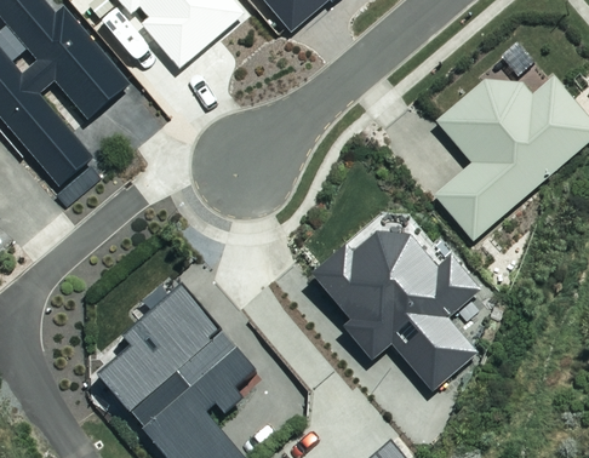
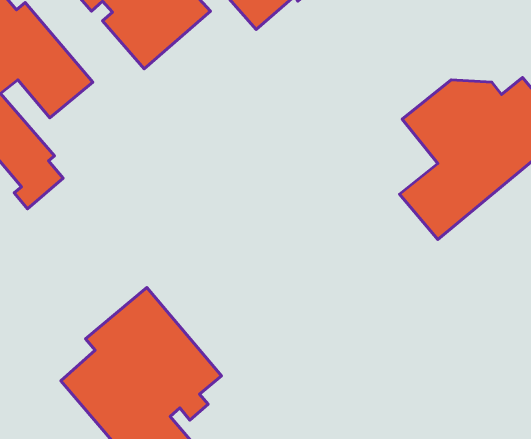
building: [313,235,480,389] -> none

